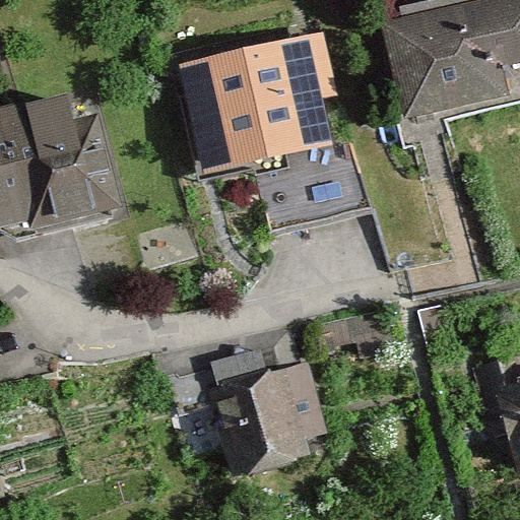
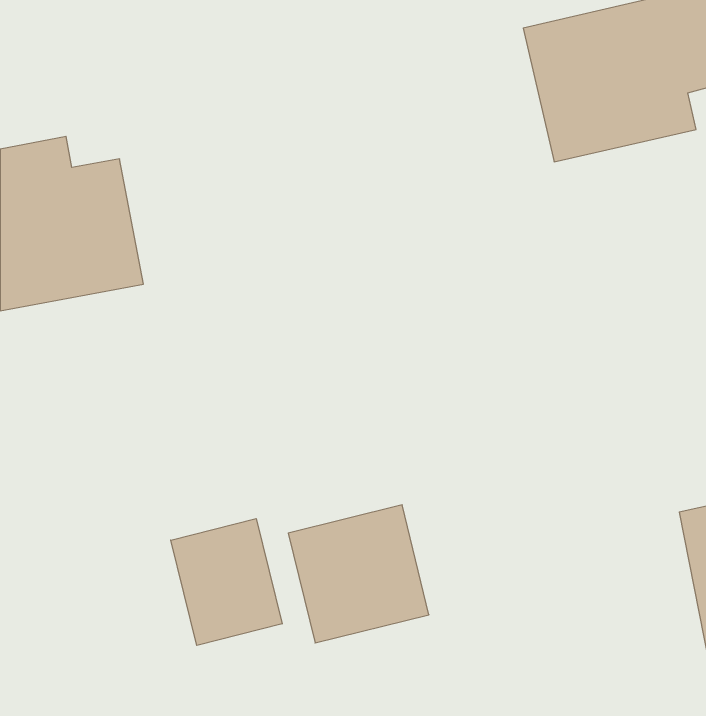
building: [180,35,342,168] -> none
building: none -> [171,519,282,645]

